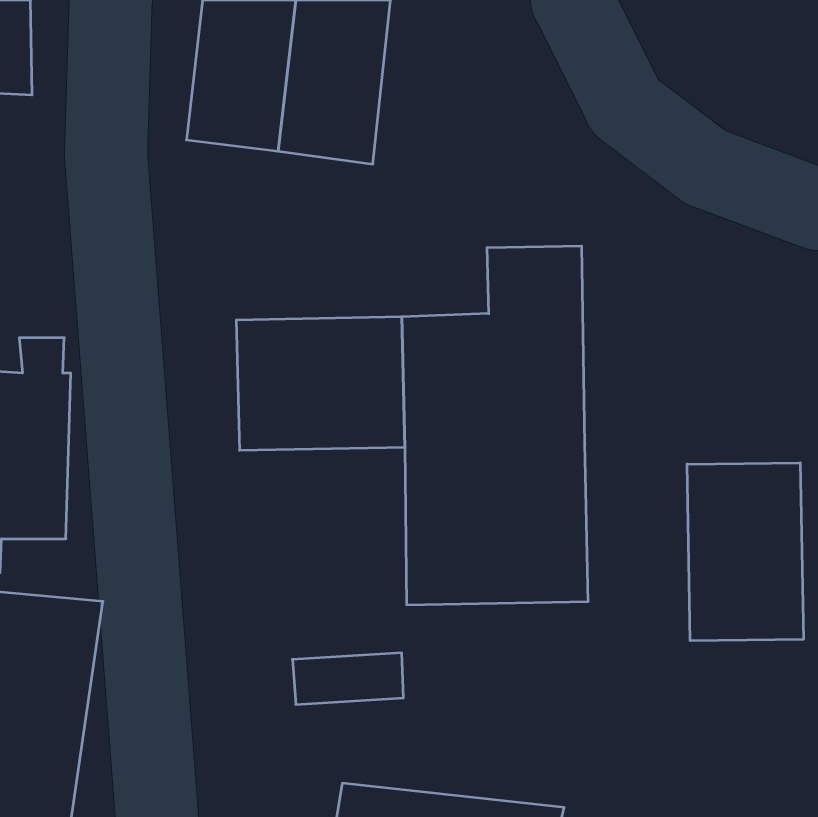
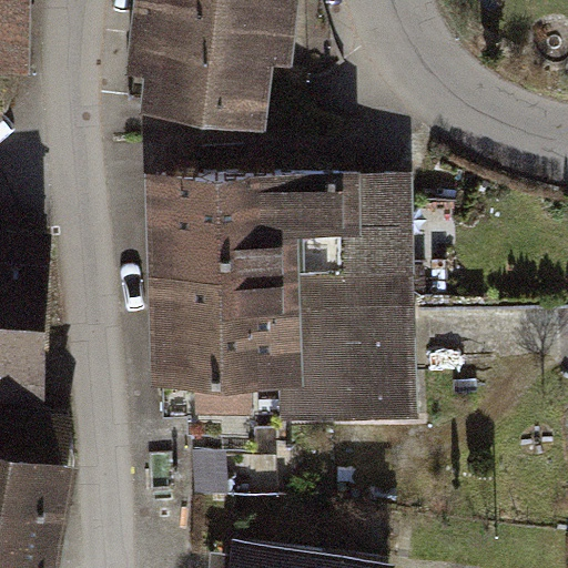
building: none -> [162,174,337,224]
building: none -> [165,312,281,422]
building: [687,463,803,641] -> none

